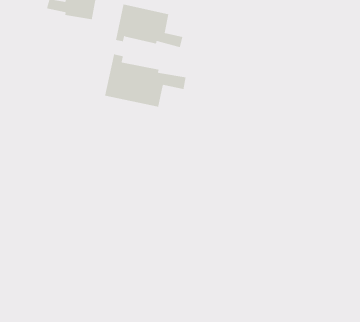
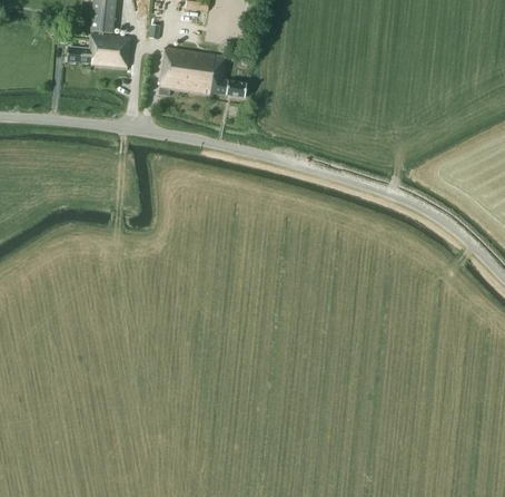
building: [105,53,186,108] -> none

